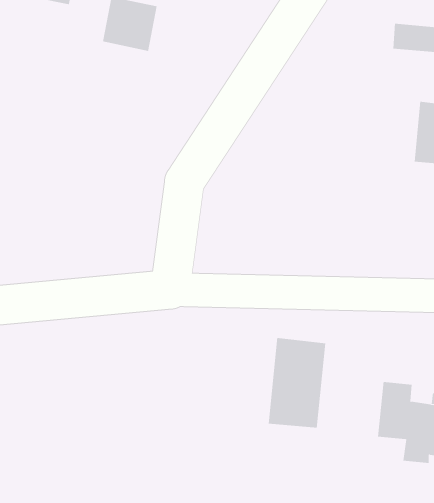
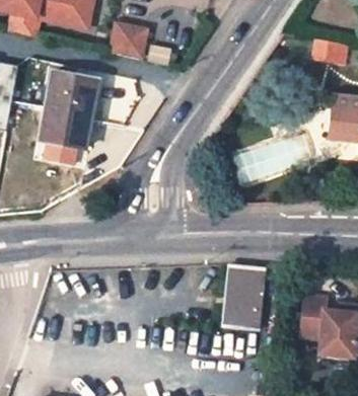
building: none -> [39,71,98,150]

